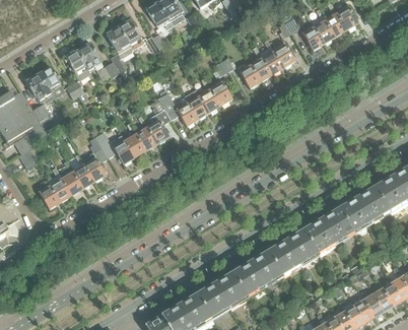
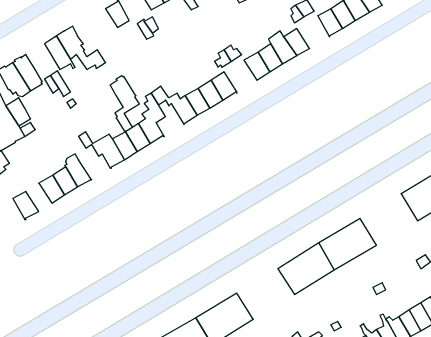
building: [107,25,132,73] -> [110,76,139,131]
building: [48,167,72,202] -> none
building: [339,187,389,232] -> none
building: [232,252,284,295] -> none

